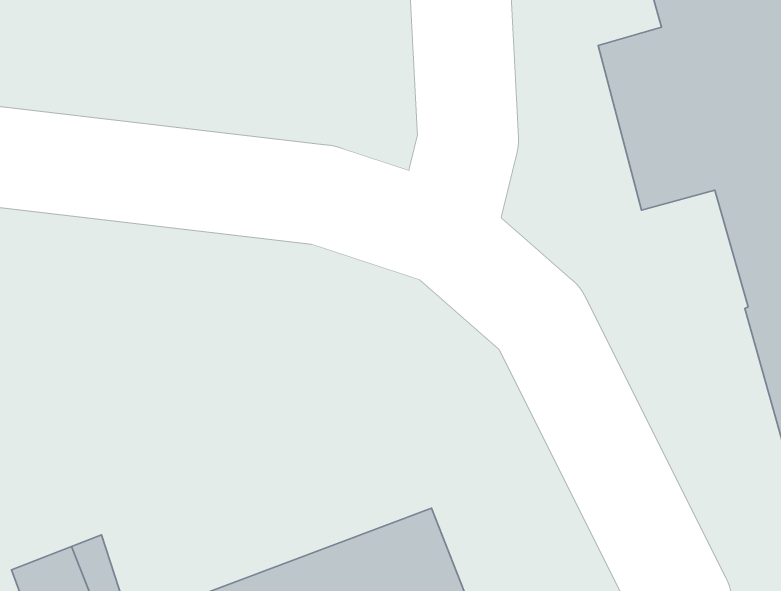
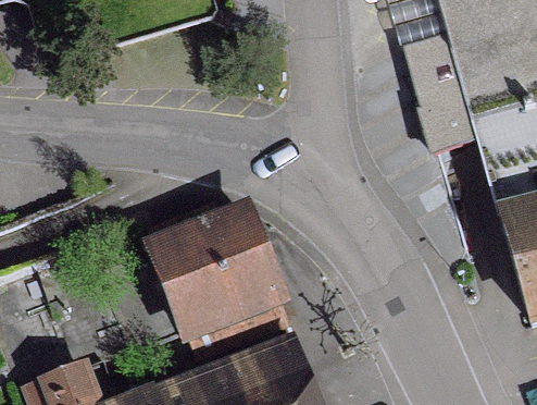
building: none -> [153,207,275,329]

